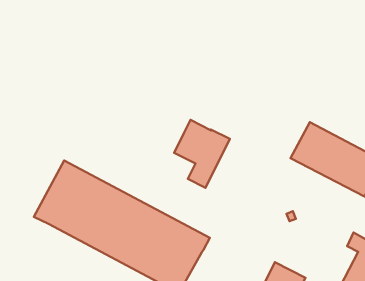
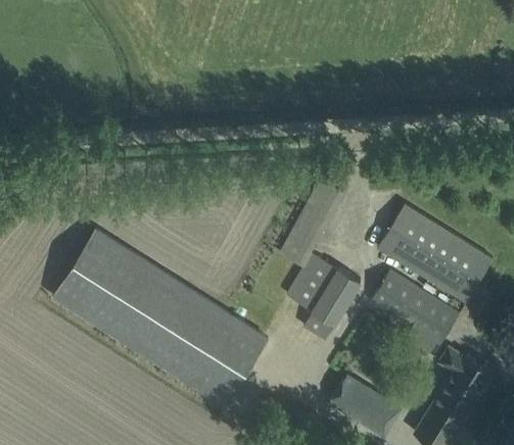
building: [174,120,230,188] -> [290,253,361,340]
building: none -> [370,270,460,345]

